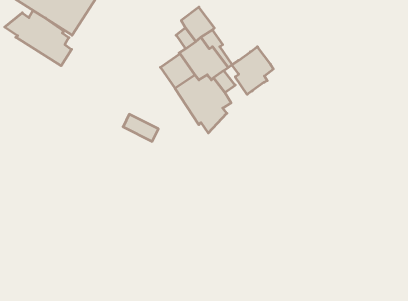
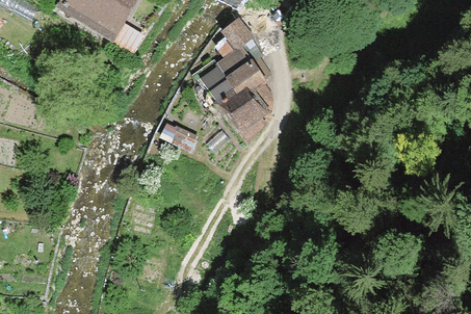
building: [5,11,72,66] -> none
building: [232,47,273,94] -> none

